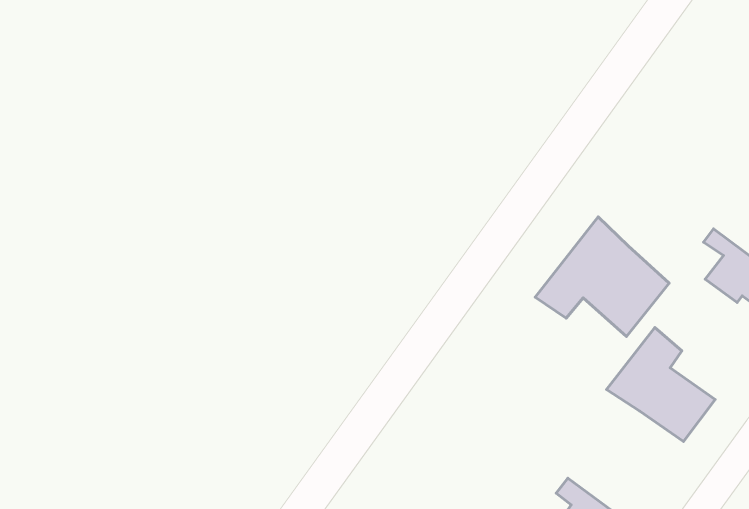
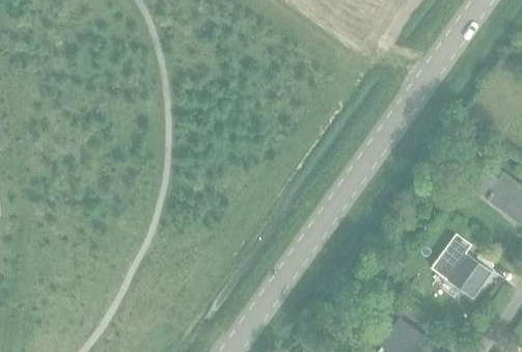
building: [535,217,669,336] -> none

